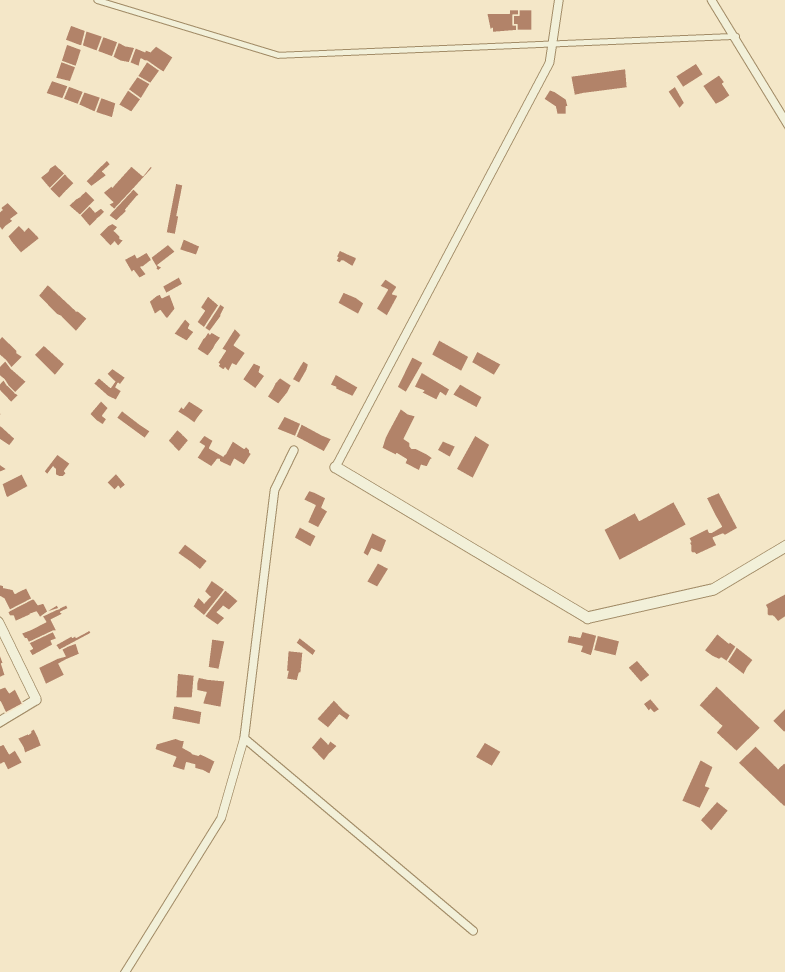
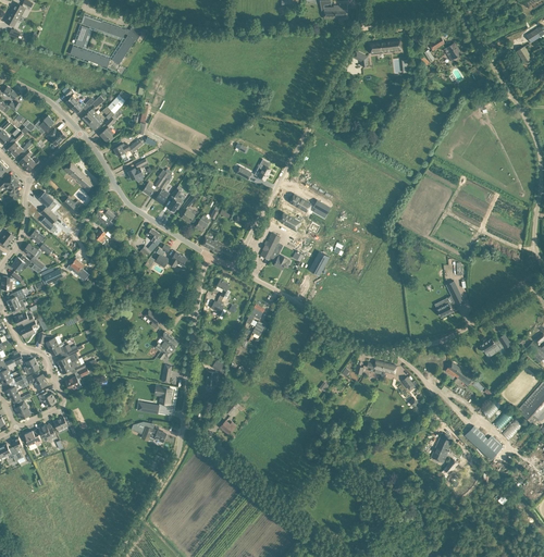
building: [604,501,687,561] -> none
building: [699,686,760,751] -> none

